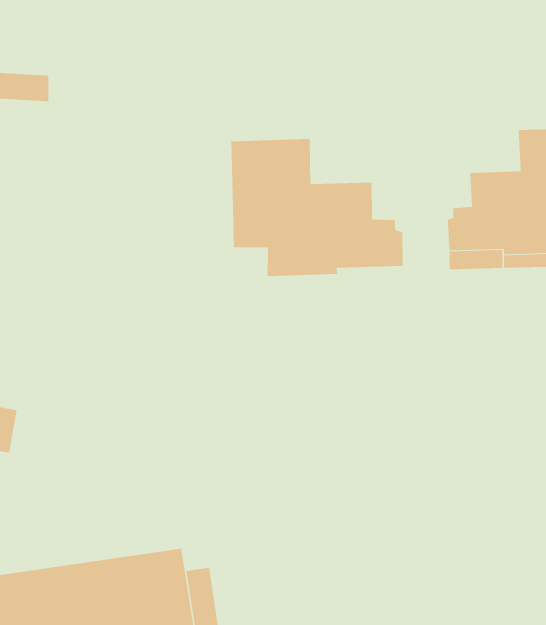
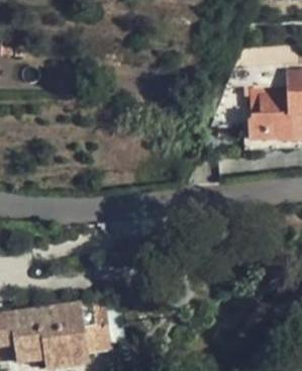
building: [231,138,403,277] -> none

